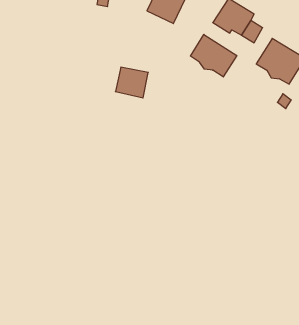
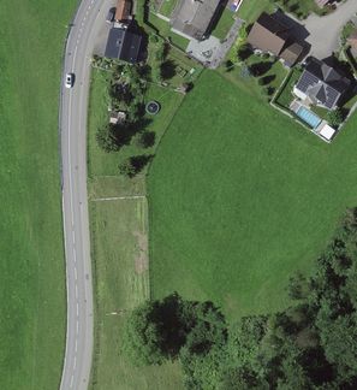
building: [190,34,237,77] -> none
building: [115,67,148,98] -> [103,29,141,64]

